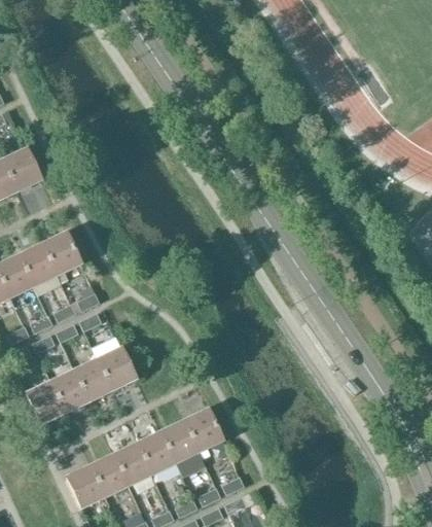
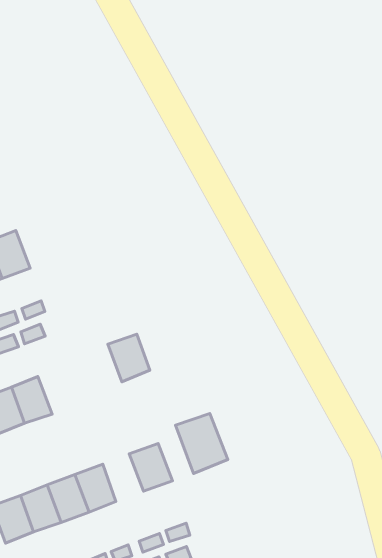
building: [97,347,136,390] -> [108,334,150,382]
building: none -> [175,413,228,473]
building: [160,419,199,462] -> none

